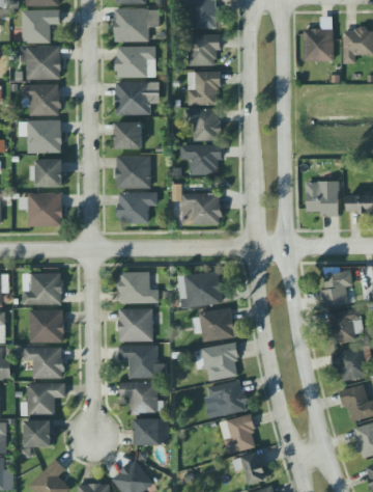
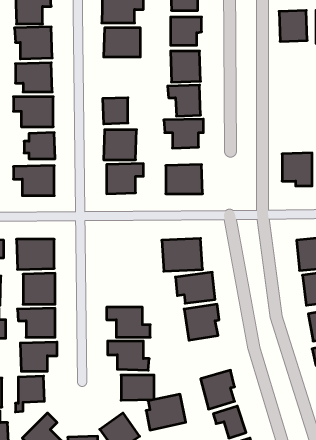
building: [115,82,149,115] -> none
building: [118,272,159,303] -> none
building: [118,308,152,341] -> none
building: [204,380,247,418] -> [146,394,186,430]

